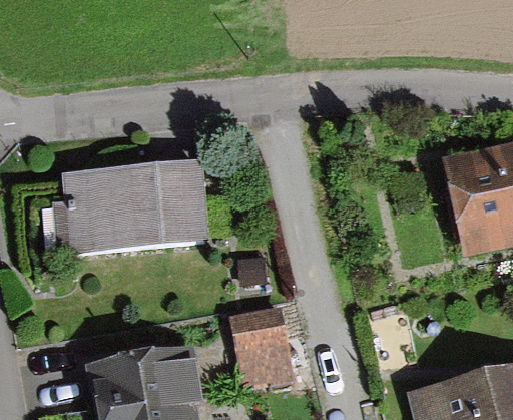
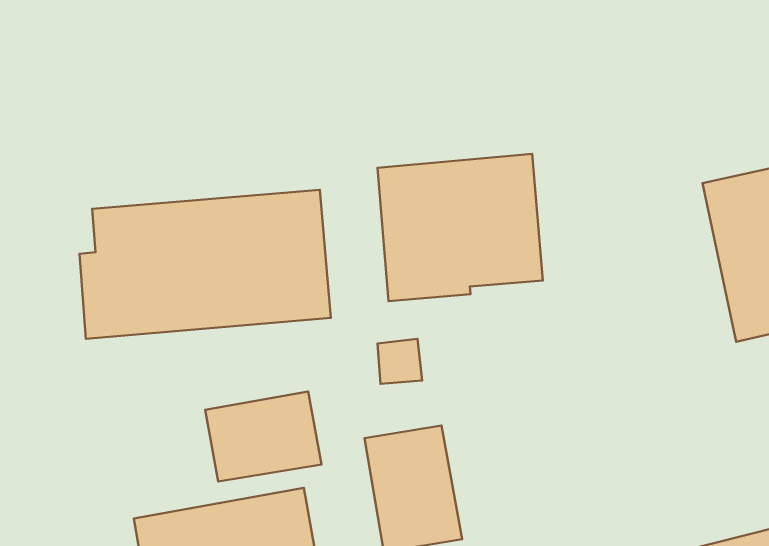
building: none -> [378,154,543,301]
building: none -> [205,391,321,482]

